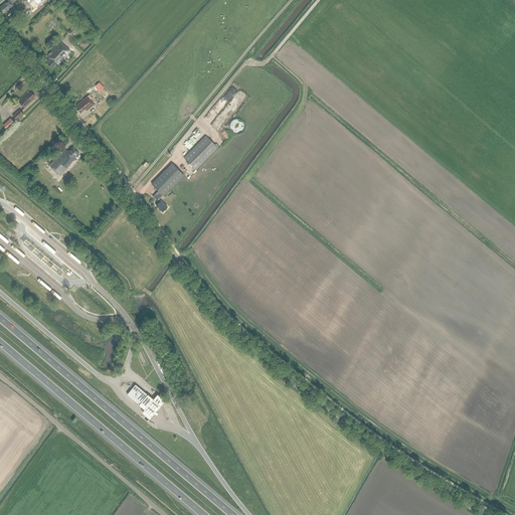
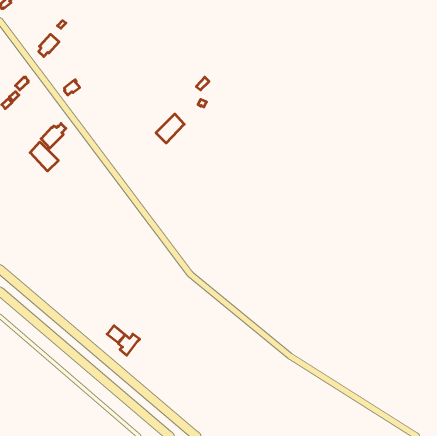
building: [151,161,183,210] -> none
building: none -> [30,142,58,171]

